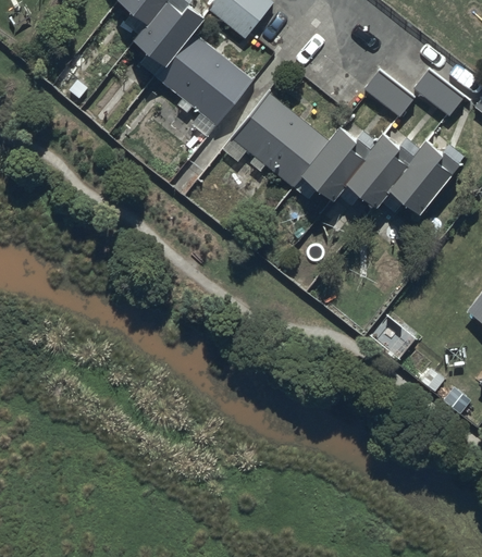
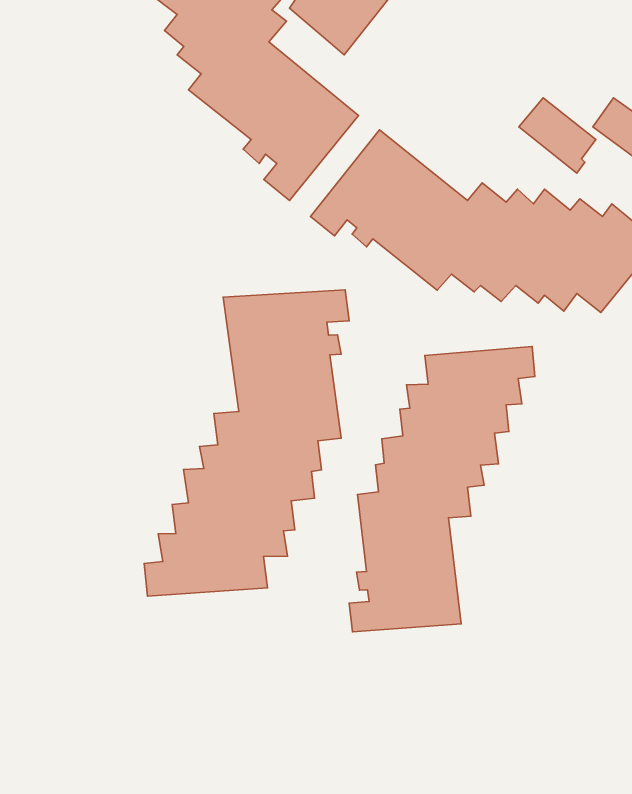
building: none -> [144,290,349,596]
building: none -> [349,346,535,632]

